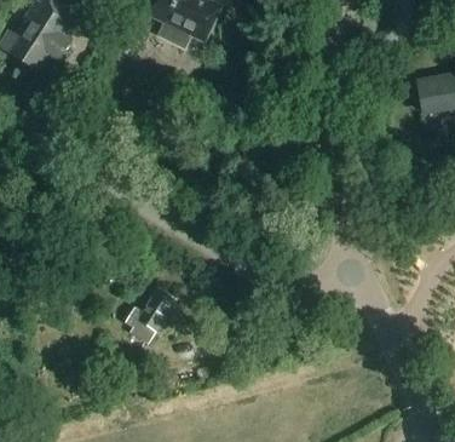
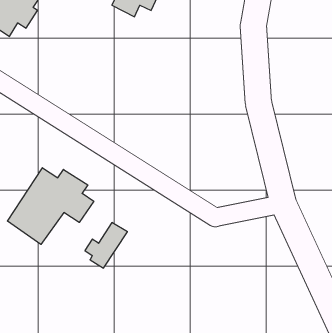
building: none -> [7,168,94,244]

